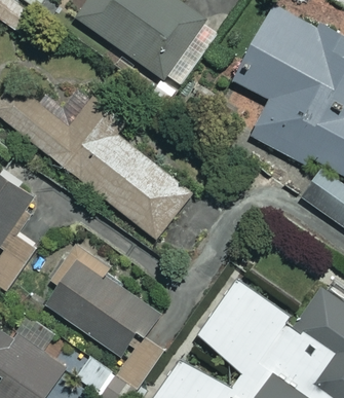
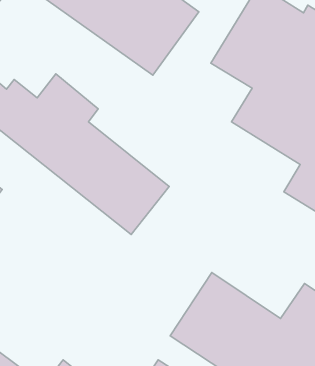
building: [41,252,156,359] -> none

